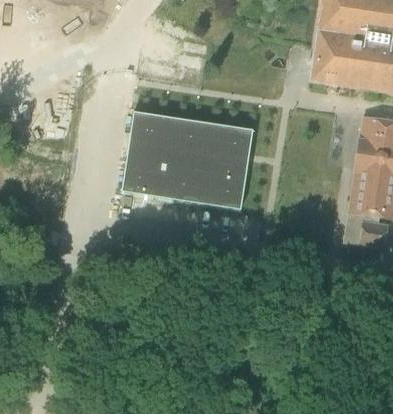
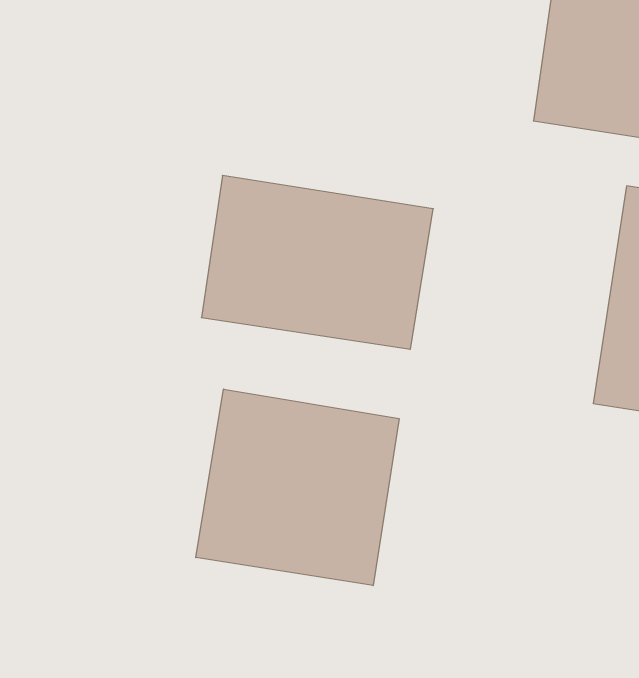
building: none -> [196,389,399,586]

